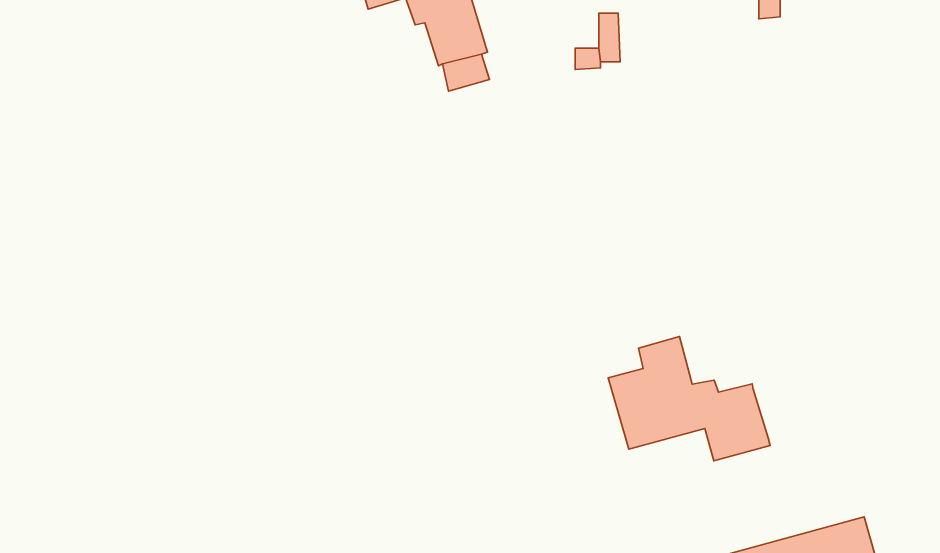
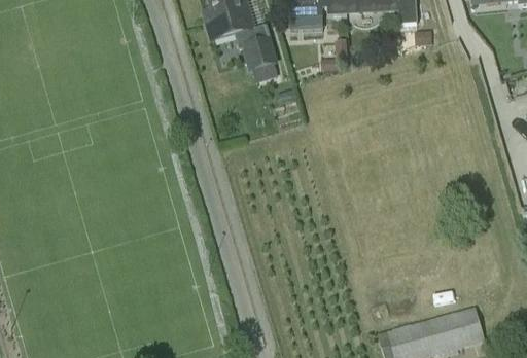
building: [608,337,770,461] -> none

